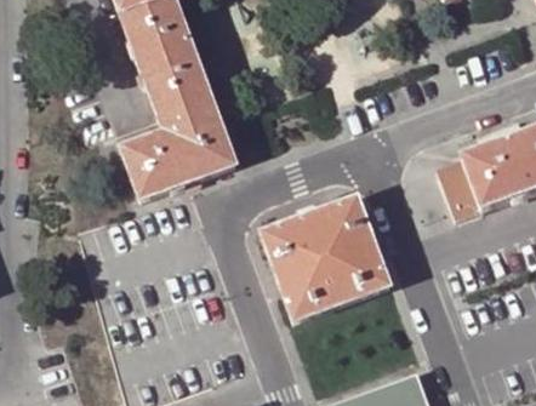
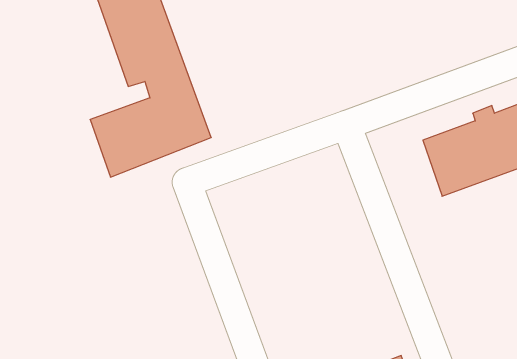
building: [260,194,388,319] -> none

